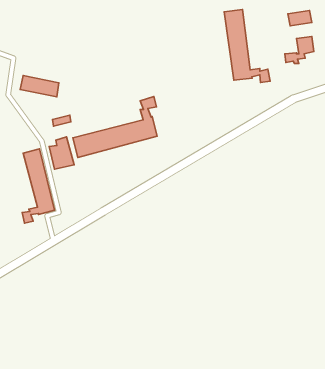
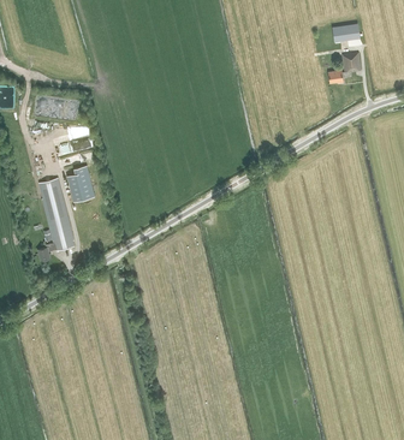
building: [224,10,270,82] -> none
building: [73,96,157,158] -> none

